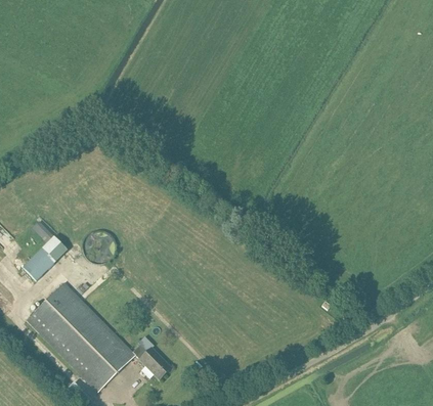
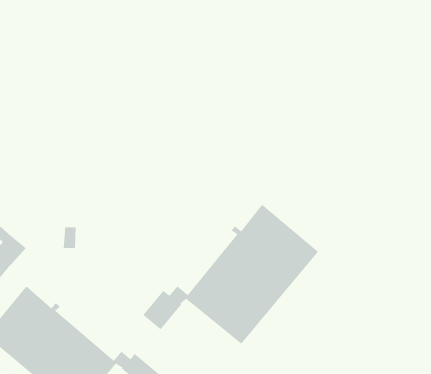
building: none -> [142,204,319,345]

